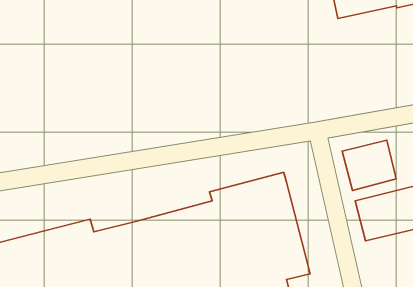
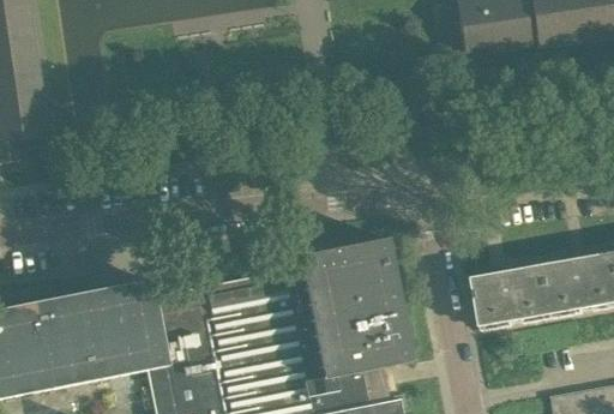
building: [342,140,396,190] -> none

